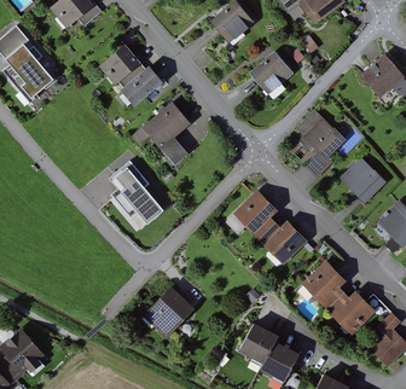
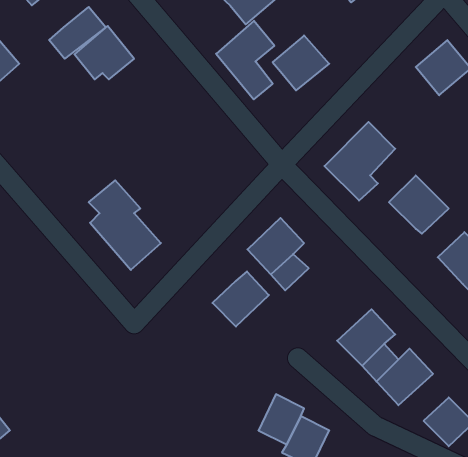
building: [115,68,158,108] -> [49,7,106,59]
building: [143,103,187,163] -> [216,21,274,99]
building: [261,221,304,263] -> [212,271,269,327]
building: [141,289,190,337] -> none

